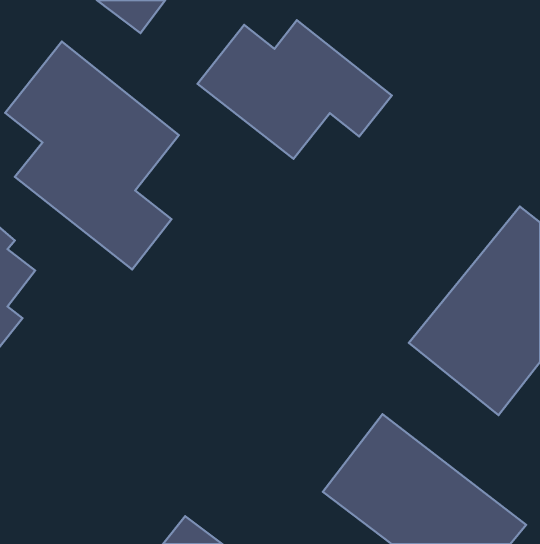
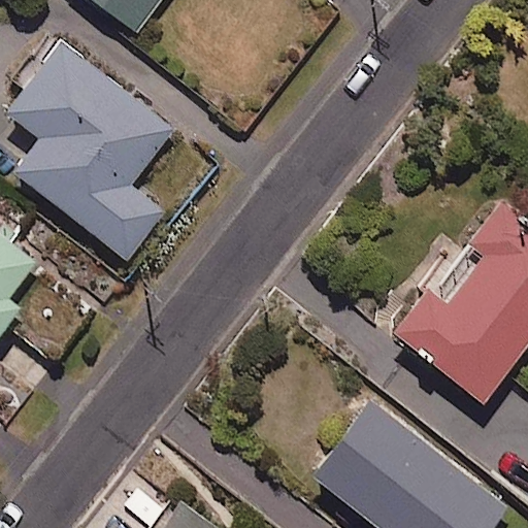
building: [198,20,392,159] -> none

